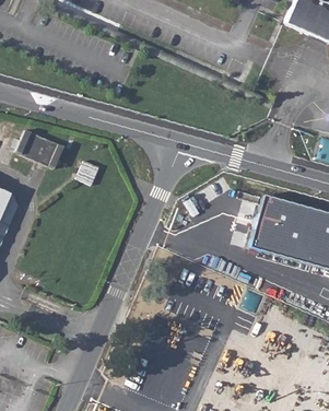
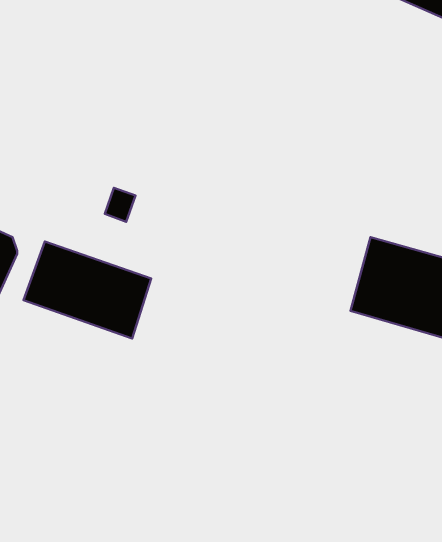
building: [12,128,60,167] -> none
building: none -> [23,241,151,339]

